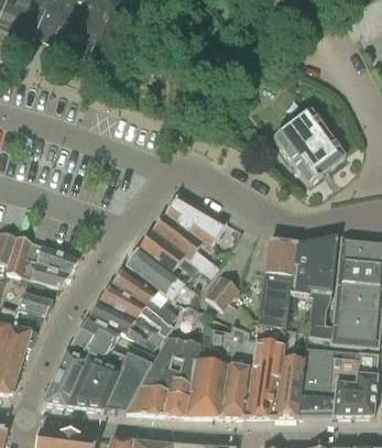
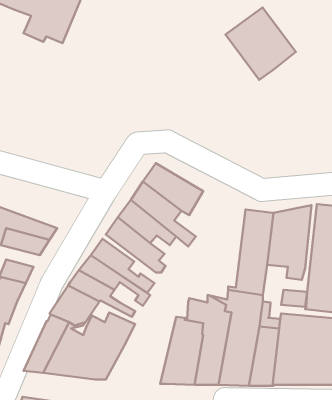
building: [273,110,345,184] -> [226,7,296,80]
building: [206,274,240,309] -> none
building: [127,338,199,416] -> none

